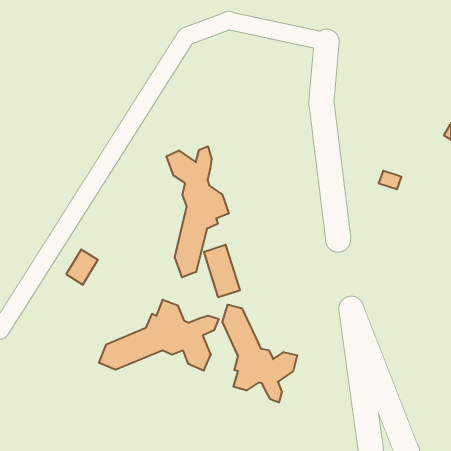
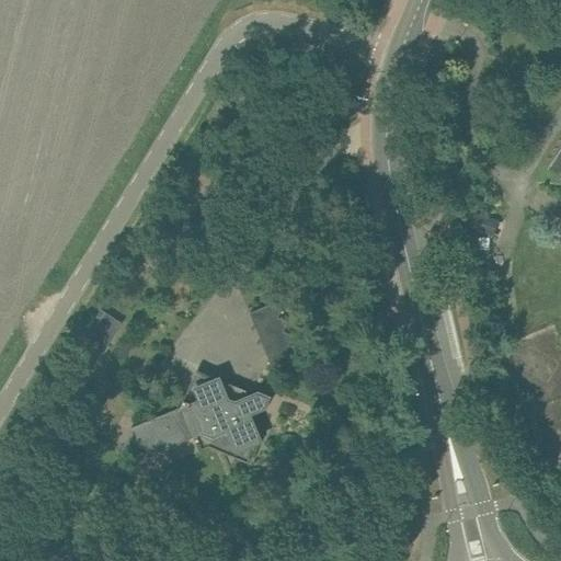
building: [166,146,229,277] -> none
building: [223,305,297,402] -> none

